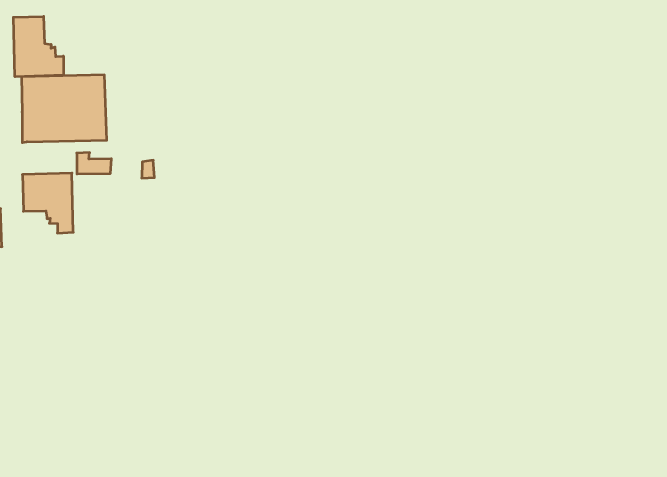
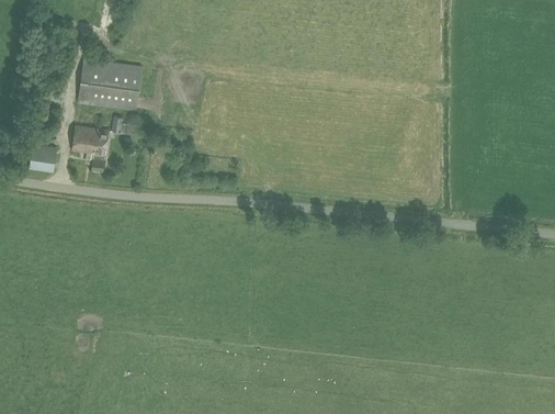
building: [13,16,64,77] -> none

